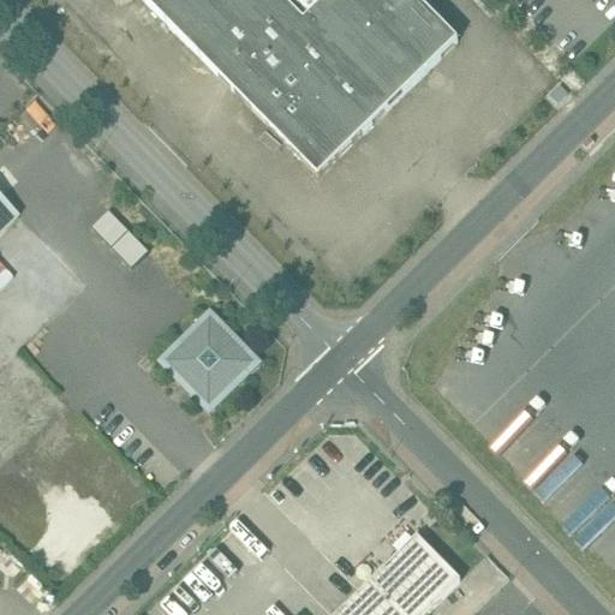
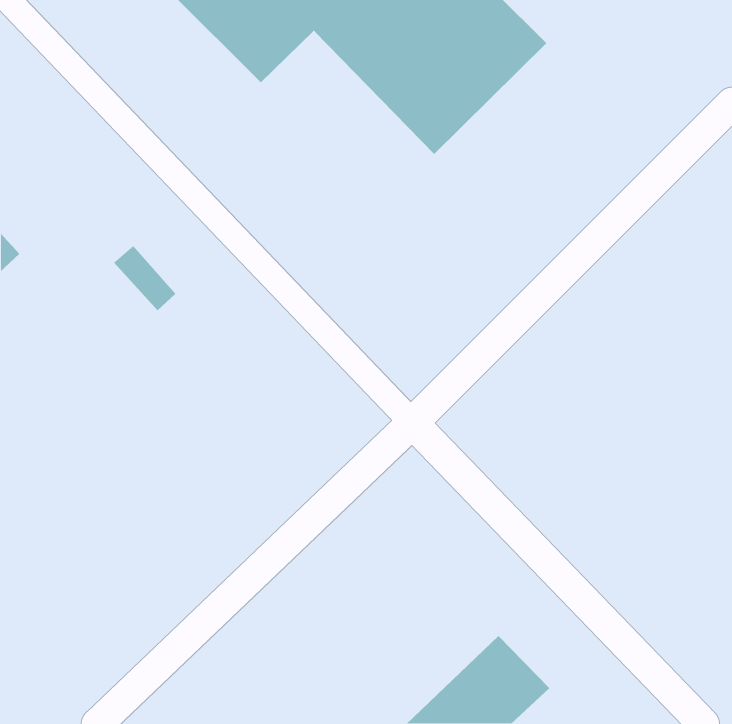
building: [219,26,364,173] -> none
building: [166,314,255,402] -> none

